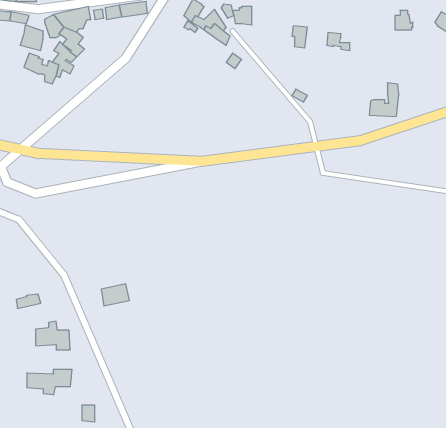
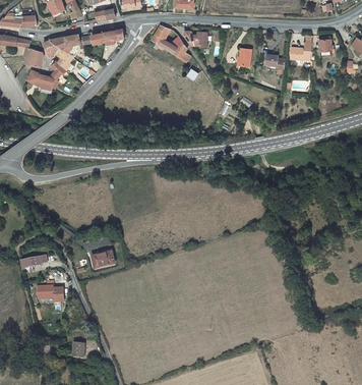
building: [369,83,399,116] -> [288,35,311,61]
building: [27,369,72,395] -> none

